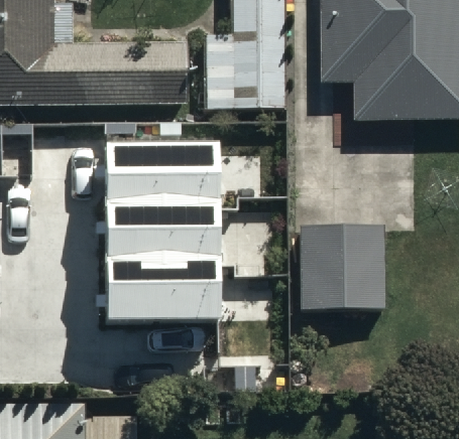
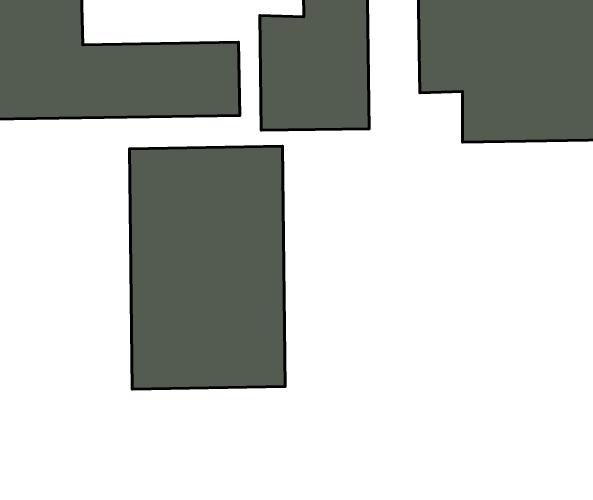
building: [295,224,385,315] -> none

